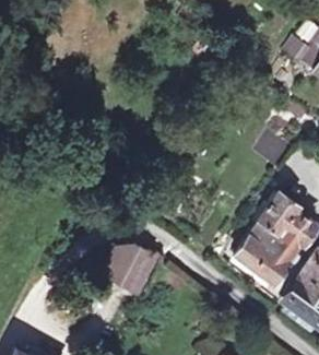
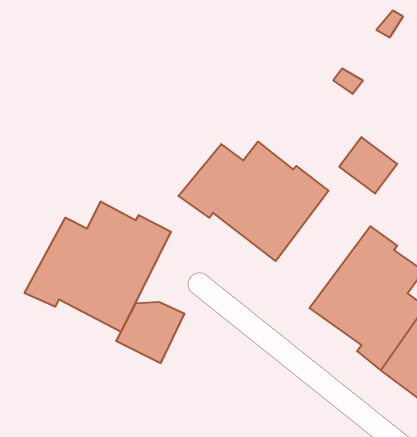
building: none -> [178,142,329,261]
building: none -> [25,201,171,332]

